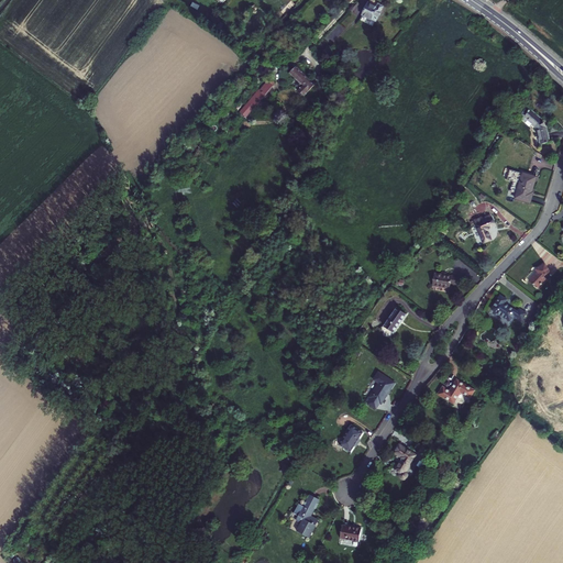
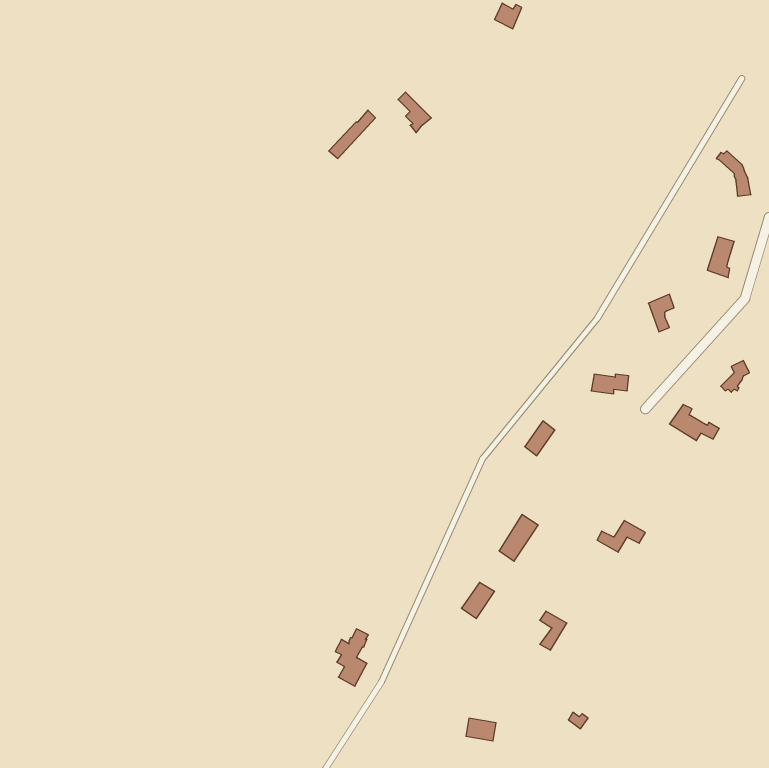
building: [292,495,317,537] -> [335,629,368,686]

